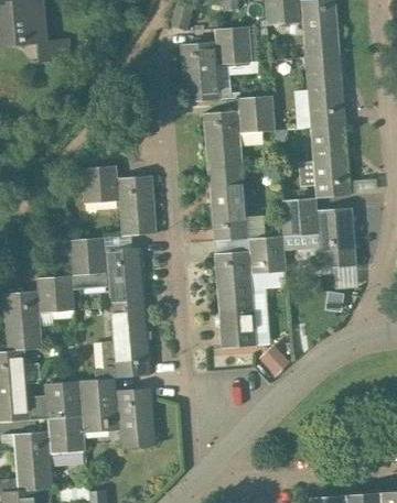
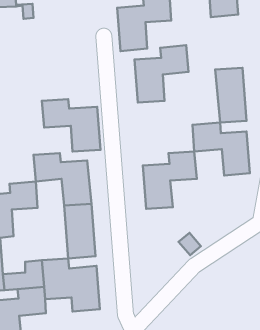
building: [304,54,346,127] -> none
building: [207,168,248,241] -> none
building: [218,309,256,348] -> none

